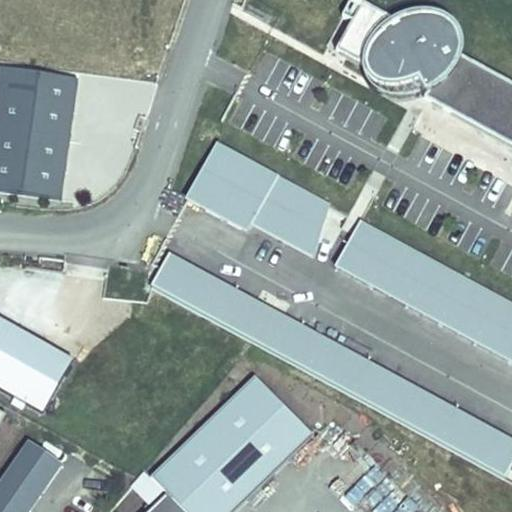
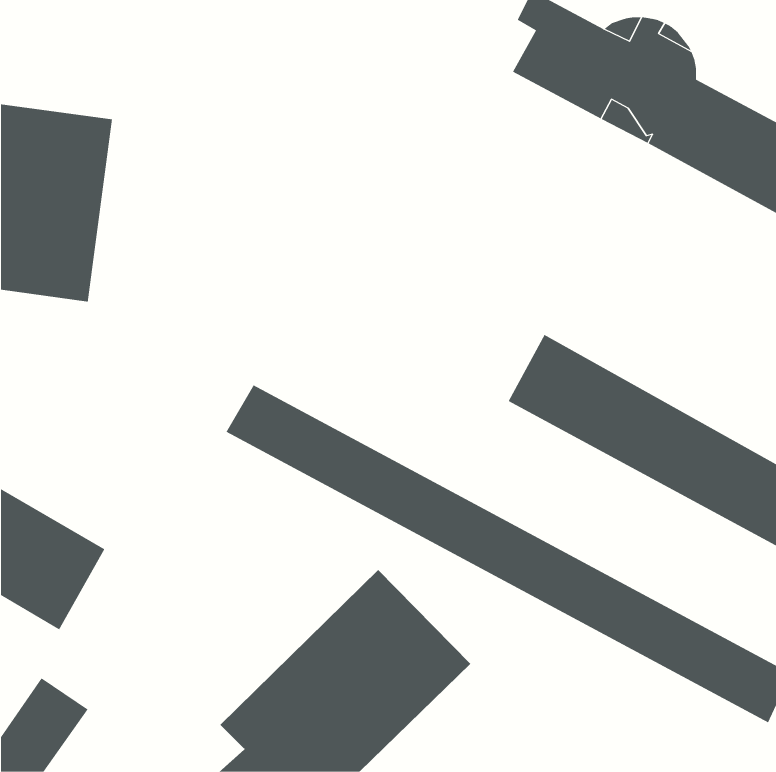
building: [186,141,329,252] -> none

